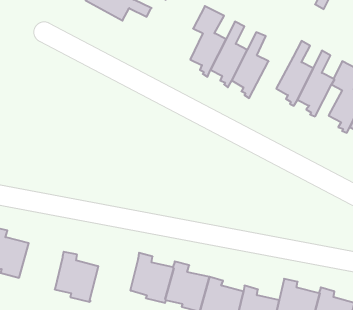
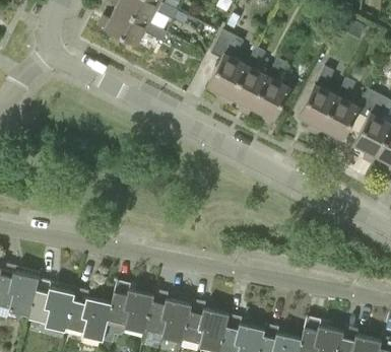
building: none -> [28,280,74,332]
building: none -> [103,281,153,343]

